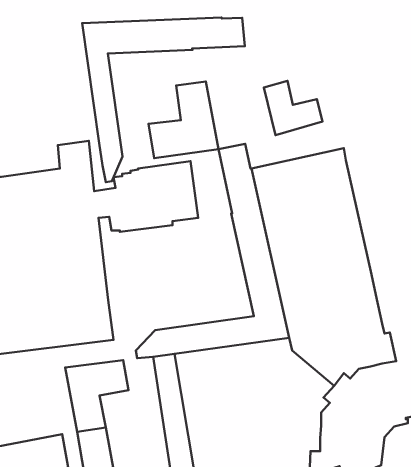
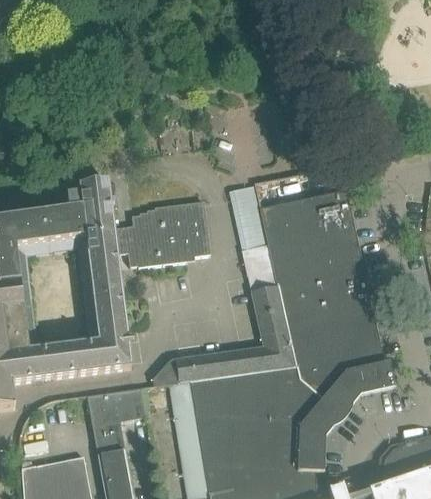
building: [82,18,245,182] -> none
building: [264,81,322,135] -> none
building: [148,81,218,158] -> none

